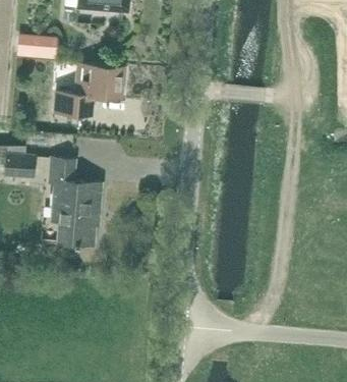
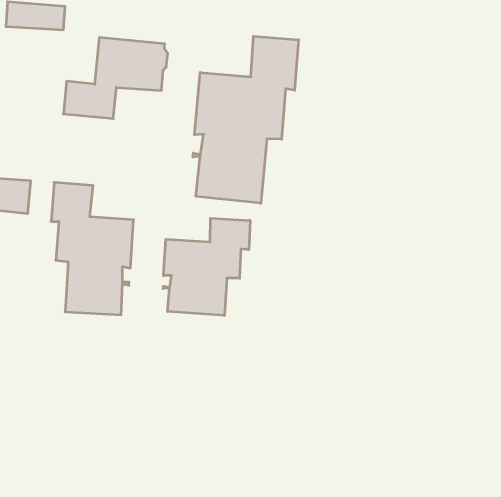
building: none -> [193,36,299,203]
building: none -> [163,218,250,316]

